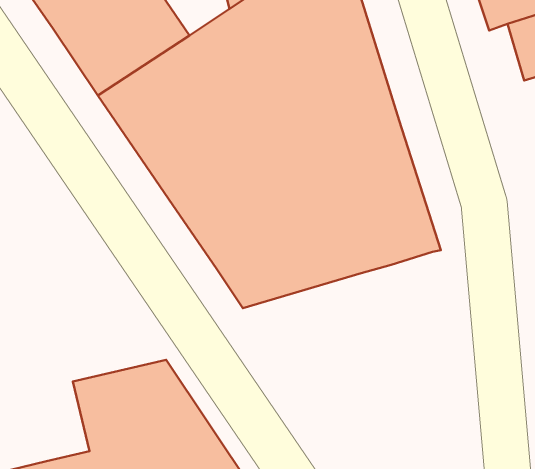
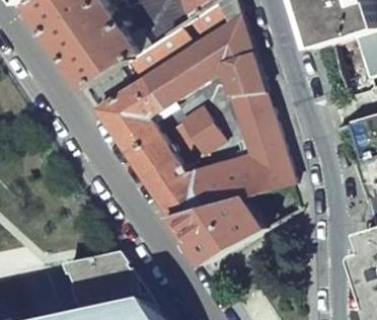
building: none -> [169,198,268,265]

